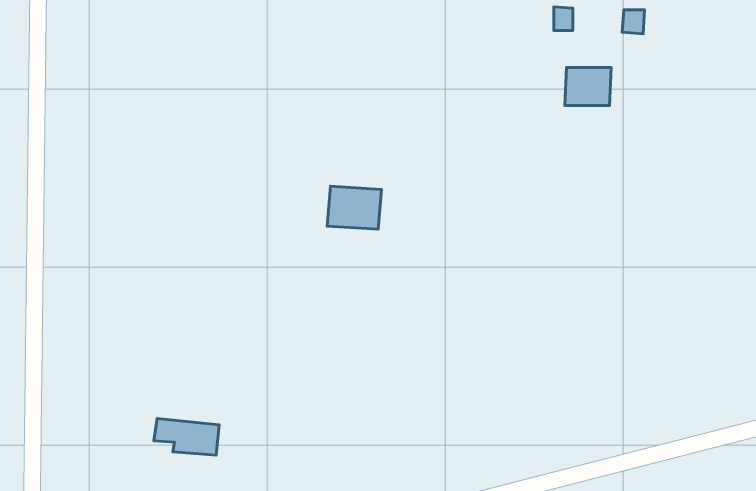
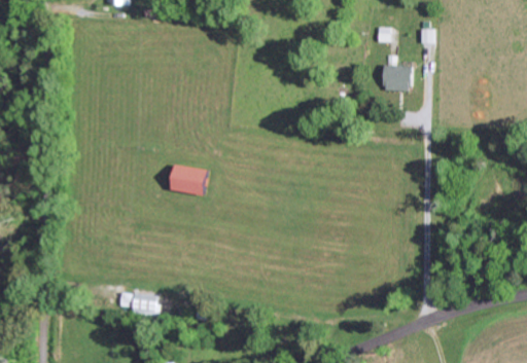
building: [327,186,381,229] -> [177,166,212,193]

